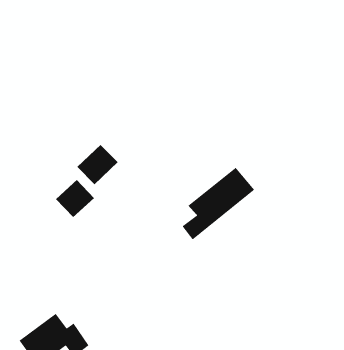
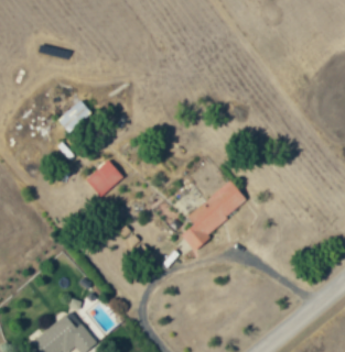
building: none -> [57,100,91,133]
building: [55,179,95,218] -> none

